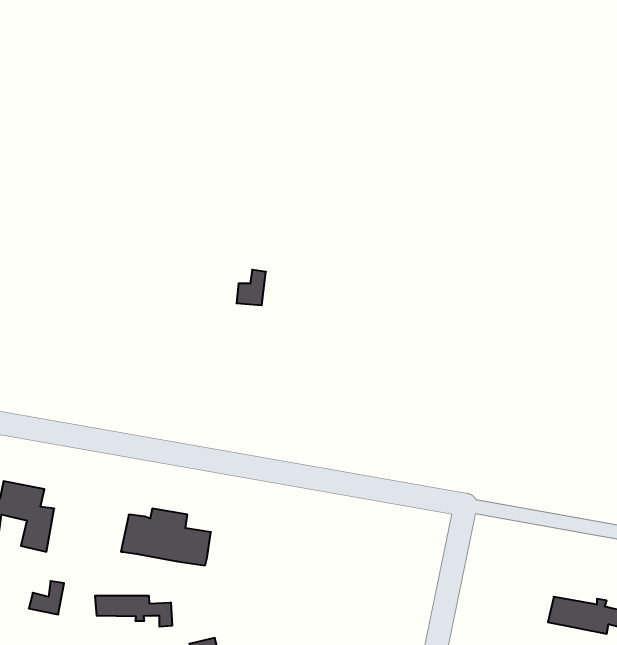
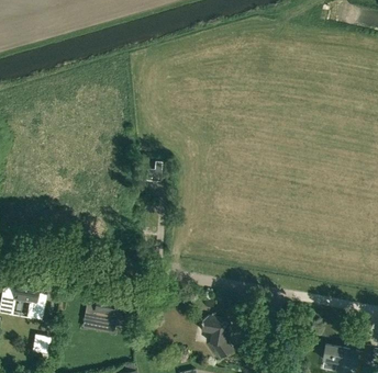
building: none -> [201,316,234,359]
building: [95,596,172,627] -> none

